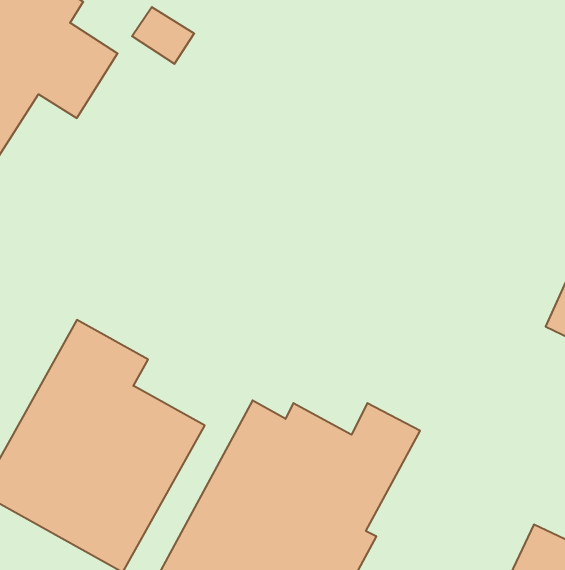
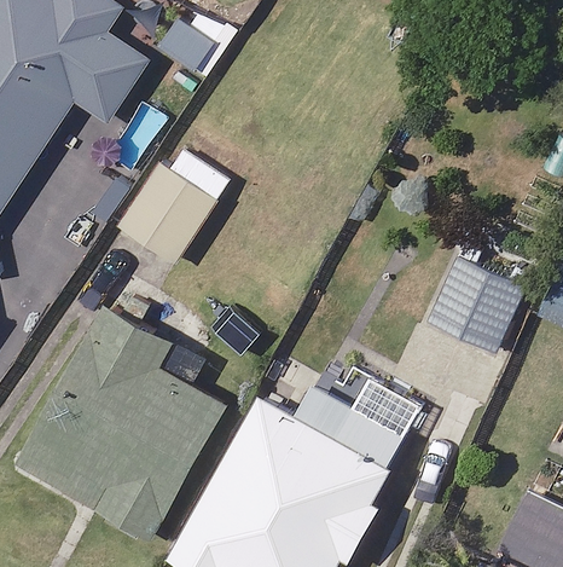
building: none -> [117,144,228,262]
building: none -> [425,261,521,351]

